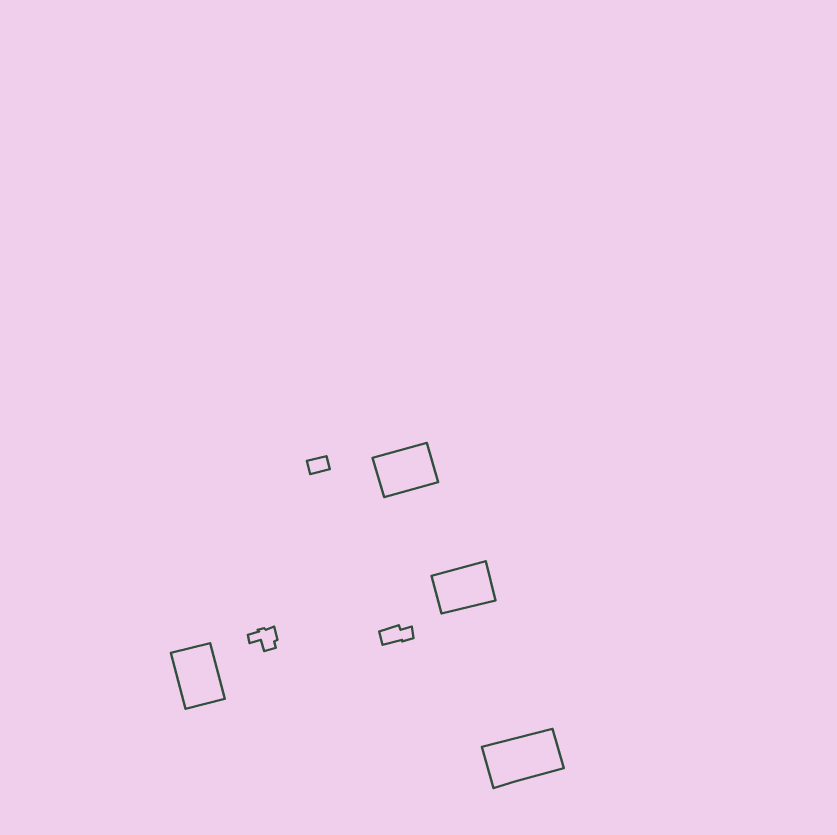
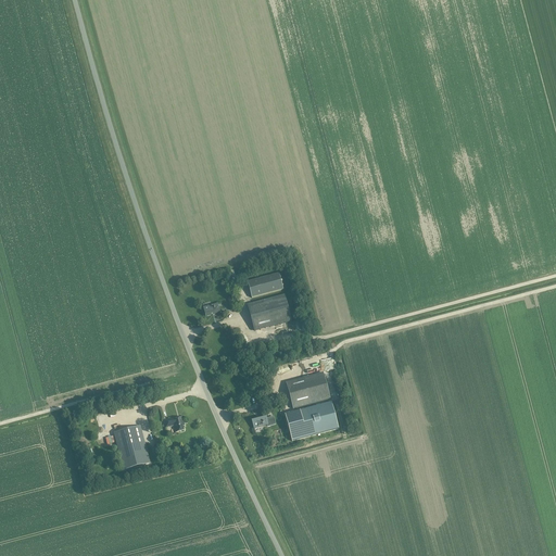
building: none -> [247,271,282,296]
building: [482,729,564,788] -> [283,401,338,440]

